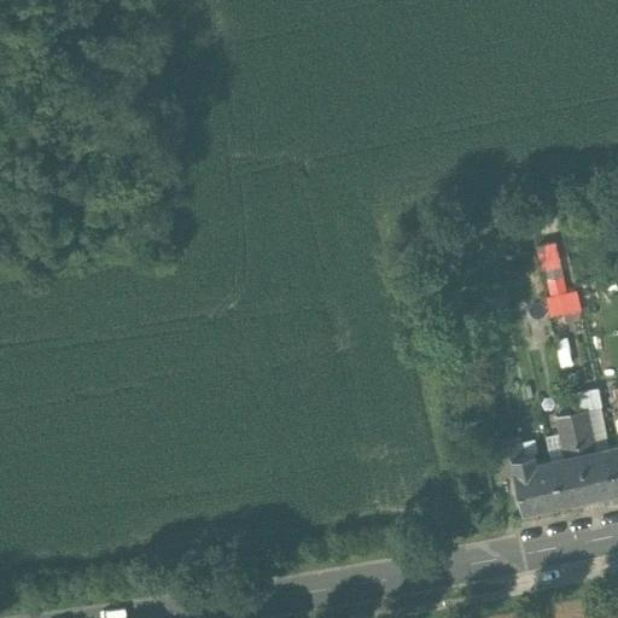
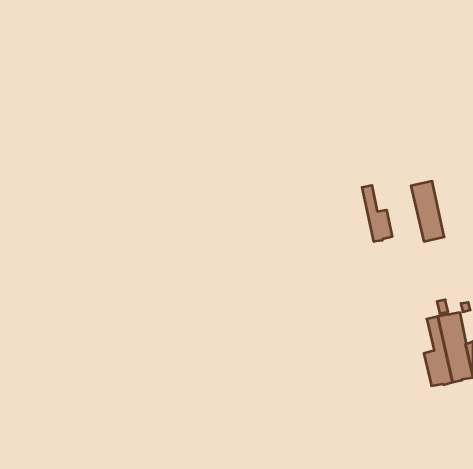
building: none -> [362,185,392,242]
building: [494,442,562,518] -> none

